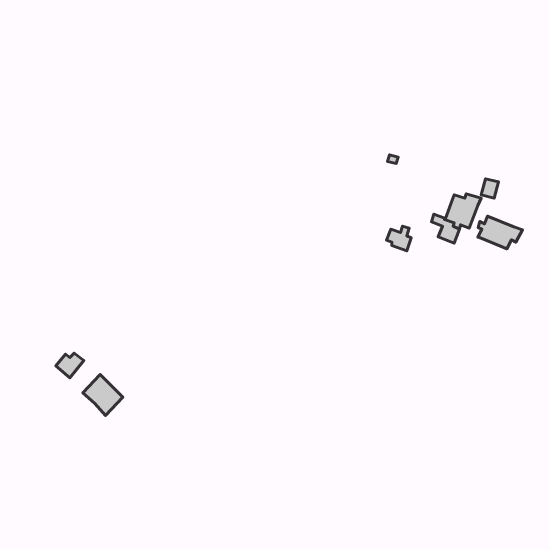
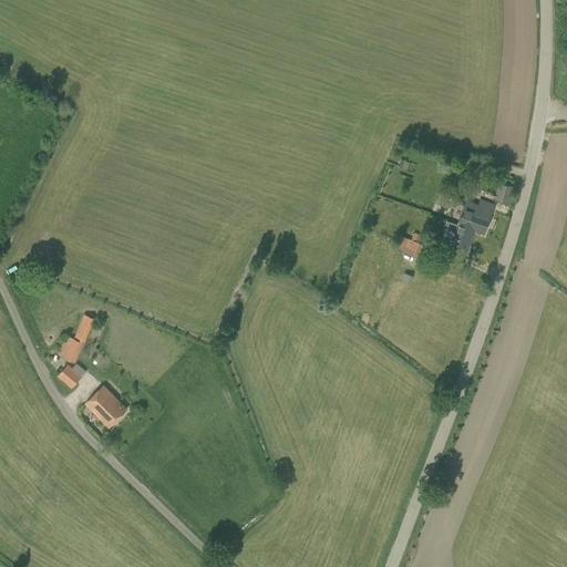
building: [478,216,523,249] -> none
building: none -> [58,315,94,363]

